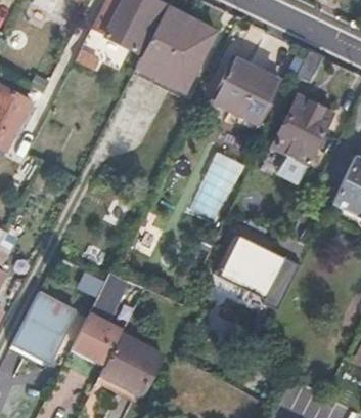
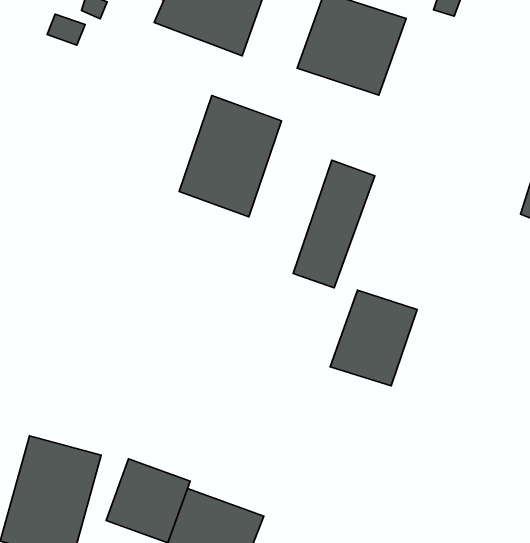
building: [274,95,335,185] -> none
building: none -> [179,96,282,217]
building: [246,248,284,299] -> none
building: [90,271,130,320] -> none

